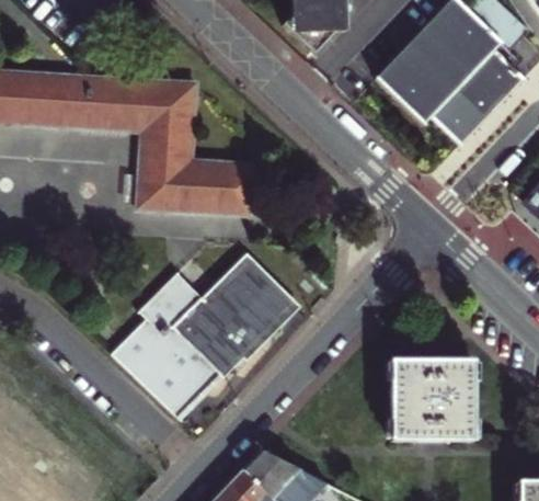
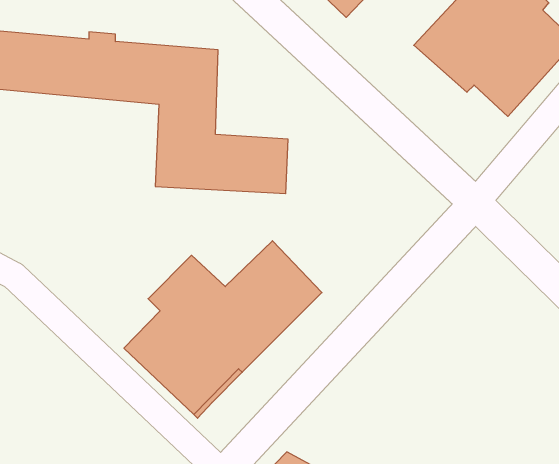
building: [390,358,474,442] -> none

